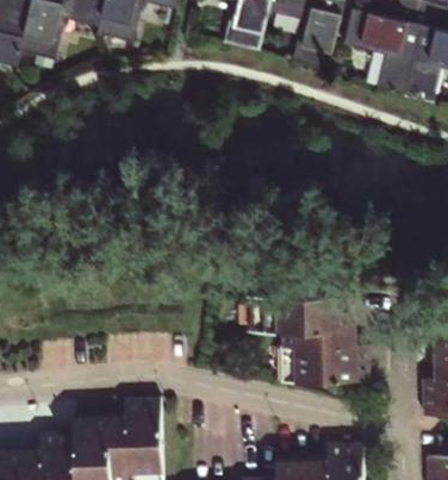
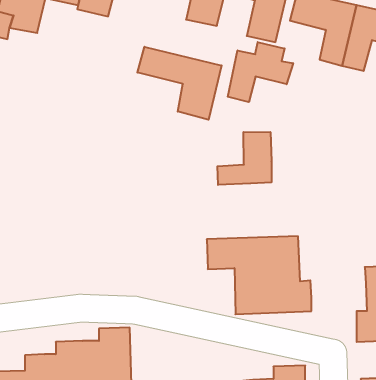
building: none -> [228,42,293,102]
building: none -> [137,47,222,120]
building: none -> [217,132,271,185]

